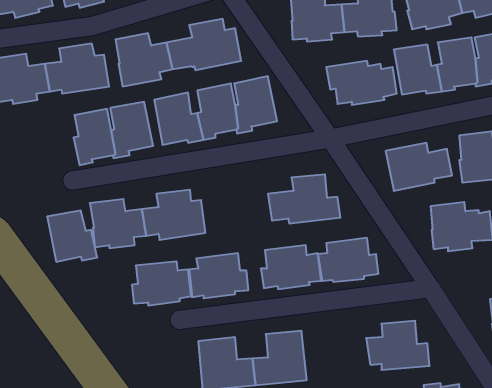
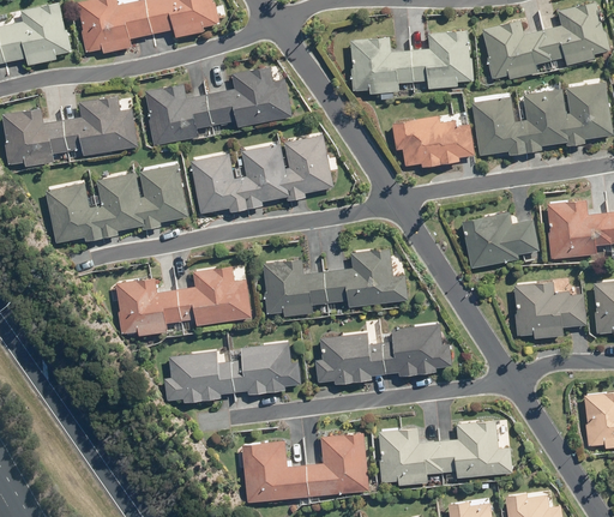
building: none -> [261,259,327,317]
building: [47,211,97,262] -> [43,184,102,244]
building: none -> [378,428,443,486]

